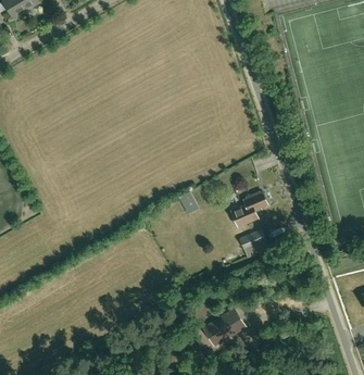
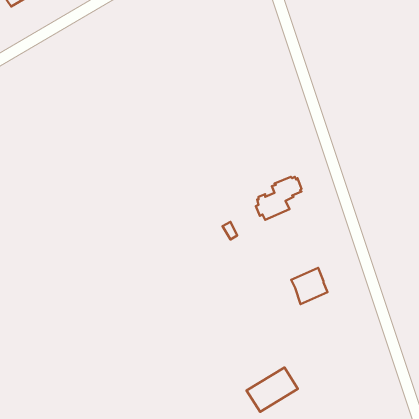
building: [229,192,266,227] -> [256,177,302,220]

